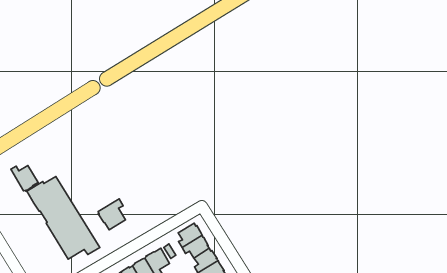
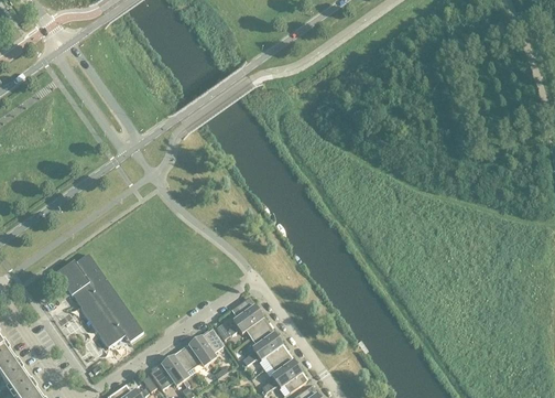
building: [11,166,38,191] -> none
building: [98,199,125,230] -> none

